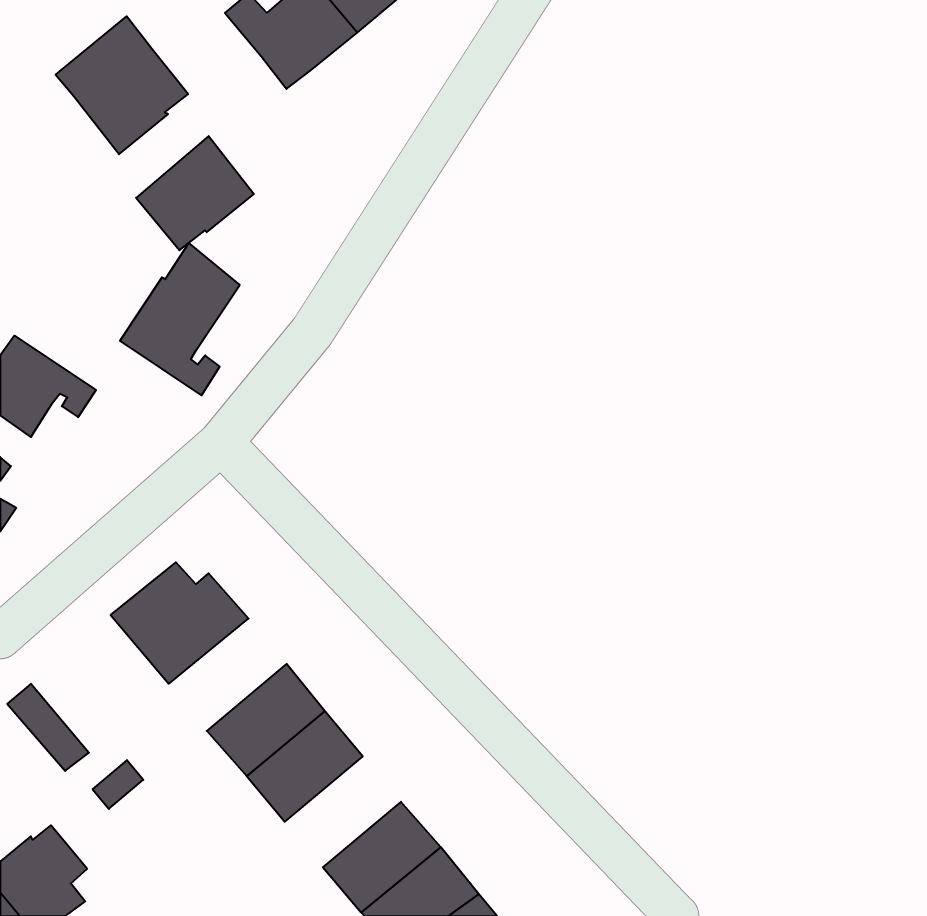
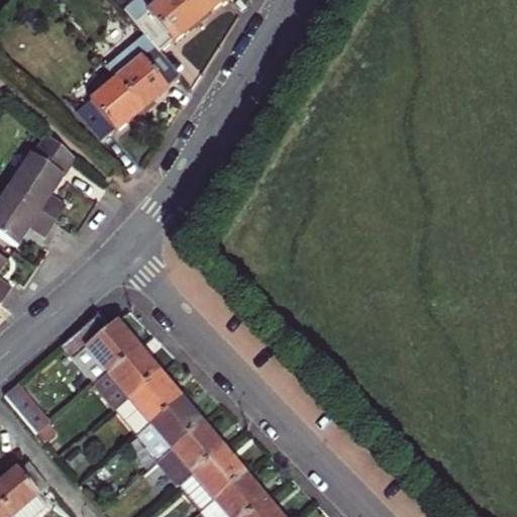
building: [56,16,188,154] -> [106,31,180,108]
building: [120,243,240,395] -> [8,132,75,217]
building: none -> [94,344,160,407]
building: none -> [159,421,223,483]

